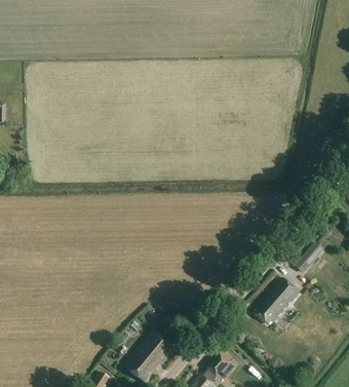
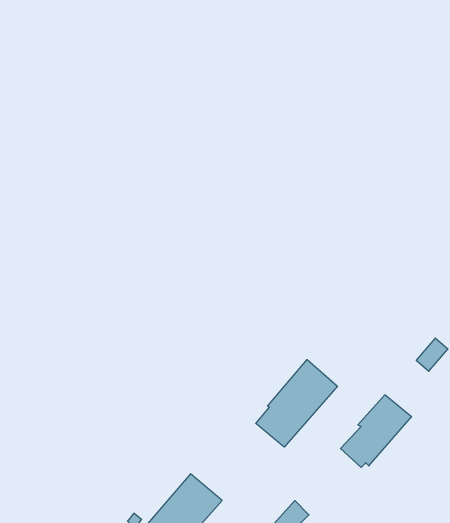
building: none -> [256,360,337,447]

